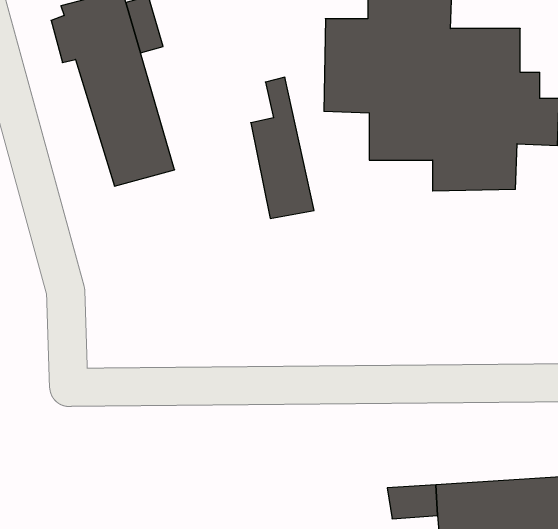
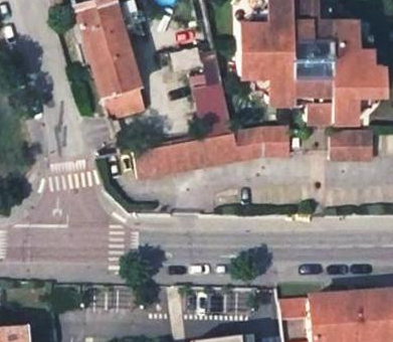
building: none -> [135,127,290,177]
building: none -> [330,133,372,161]

